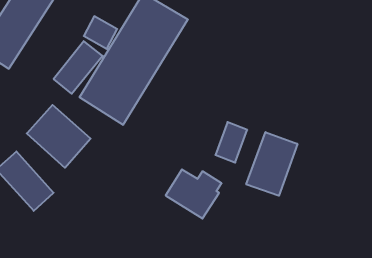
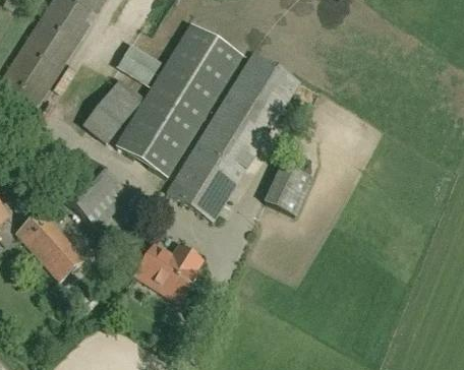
building: none -> [167,51,300,219]
building: [246,132,297,196] -> none
building: [166,169,222,219] -> [135,244,201,302]

